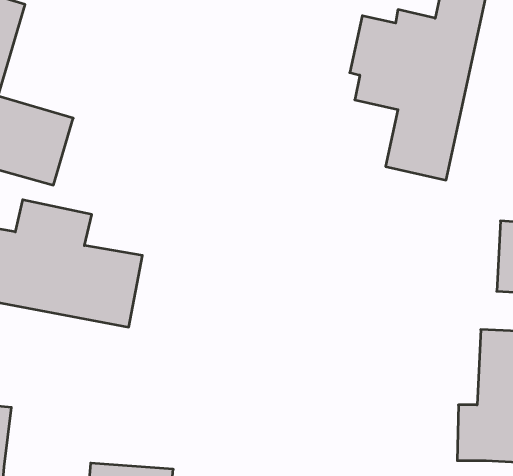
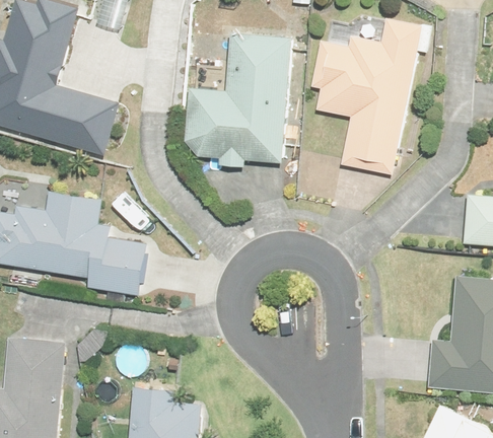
building: none -> [208,18,316,150]

